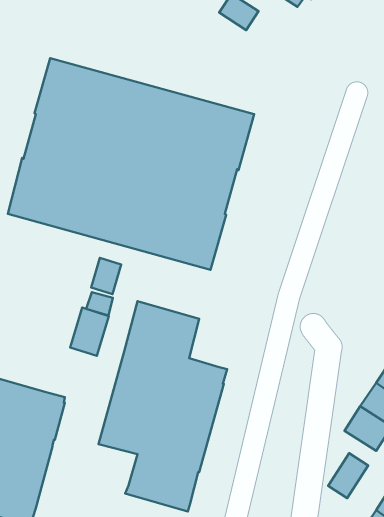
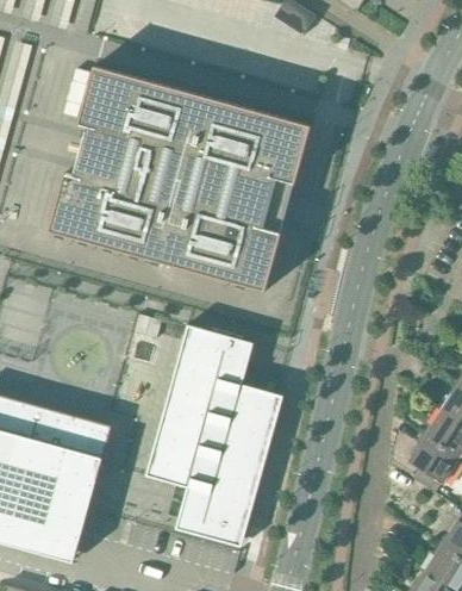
building: [91,258,121,294] -> none
building: [70,308,109,356] -> none
building: [328,453,368,498] -> none

